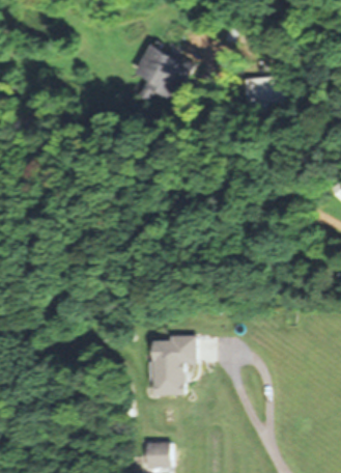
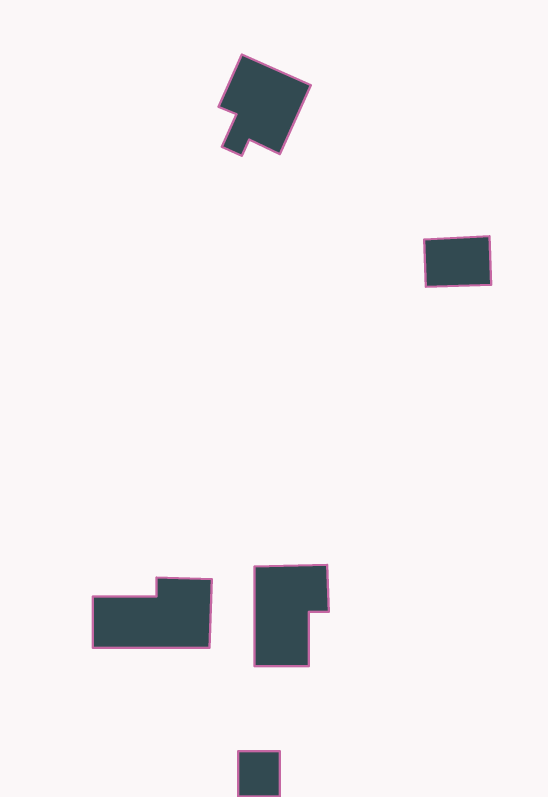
building: [243,76,281,105] -> [424,236,491,287]
building: none -> [93,577,212,648]

